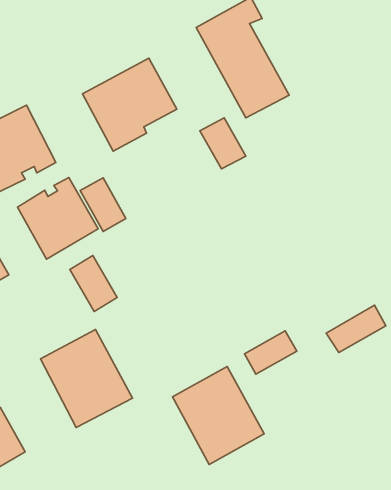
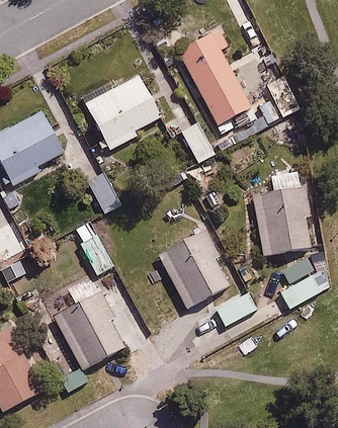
building: [18,177,98,259] -> none
building: none -> [252,185,317,256]
building: [172,366,264,465] -> [156,230,229,308]

